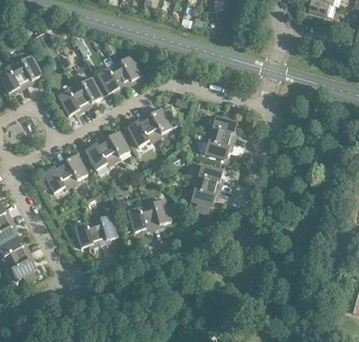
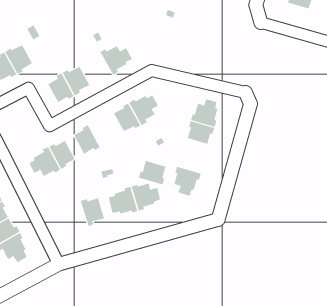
building: [96,62,125,94] -> none
building: [99,131,129,162] -> none
building: [192,163,222,190] -> [138,160,166,185]
building: [73,218,99,247] -> none

